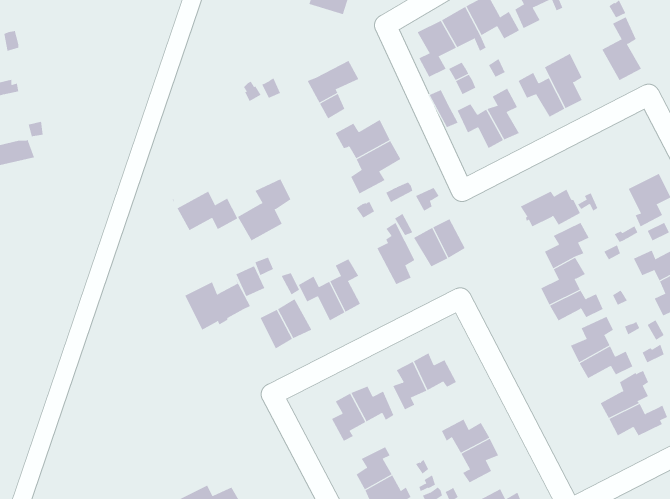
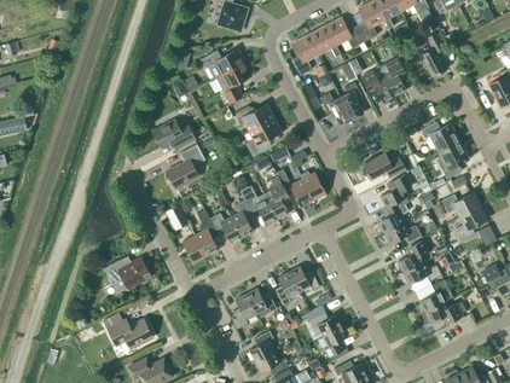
building: none -> [199,50,244,79]
building: none -> [421,122,459,152]
building: [172,191,238,231] -> [149,120,195,147]
building: none -> [240,186,277,225]
building: [184,280,251,330] -> [104,257,150,292]
building: none -> [108,319,152,349]

